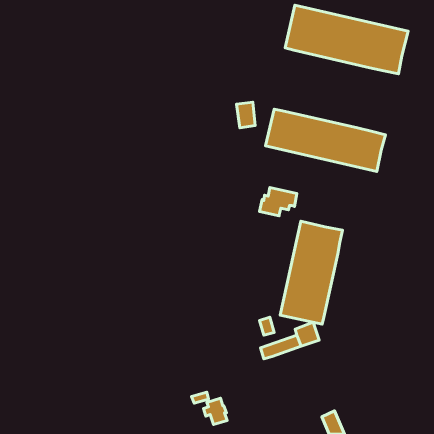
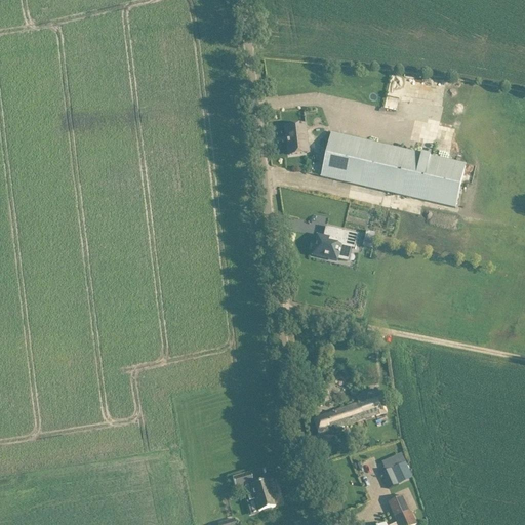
building: [285,5,408,74] -> none
building: [280,221,342,324] -> none
building: none -> [380,461,412,488]

